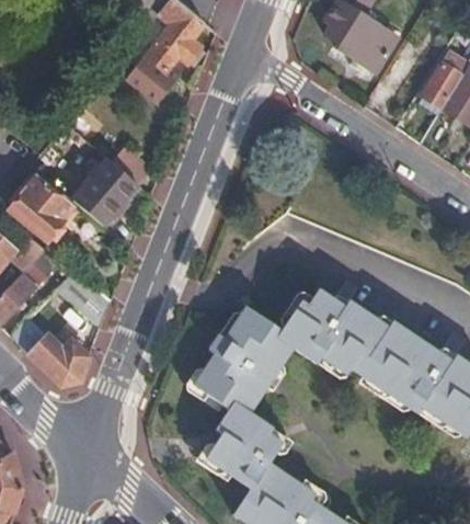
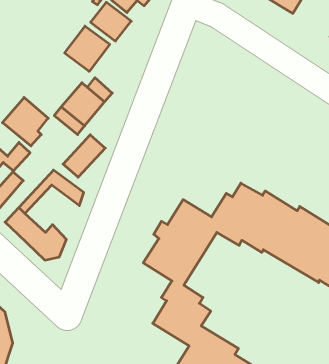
building: none -> [65,26,110,71]
building: none -> [63,135,105,177]

